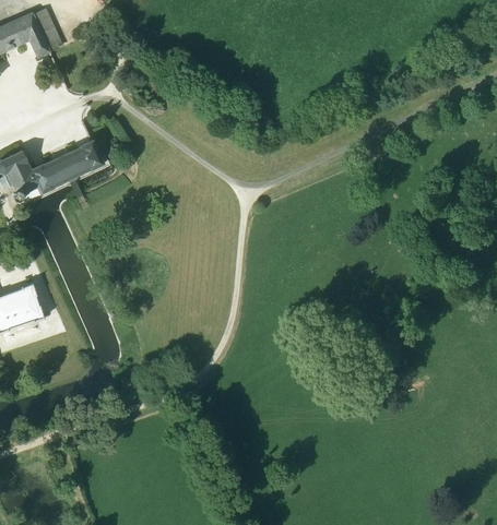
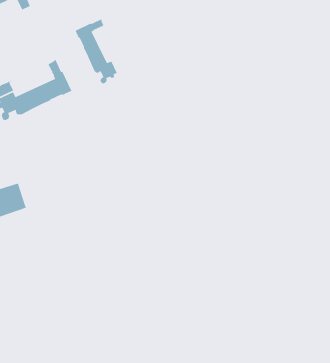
building: none -> [74,18,118,84]

